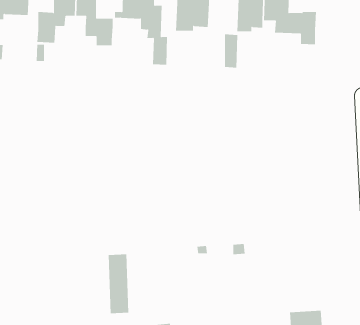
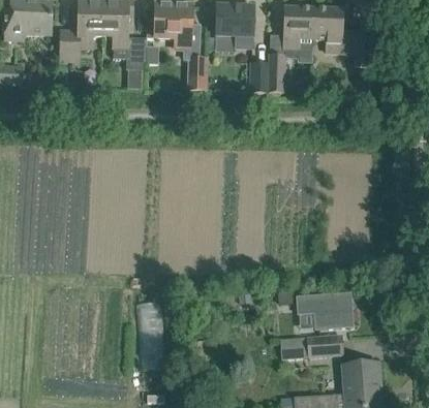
building: none -> [251,62,270,91]
building: none -> [297,290,353,326]
building: none -> [281,336,341,355]

